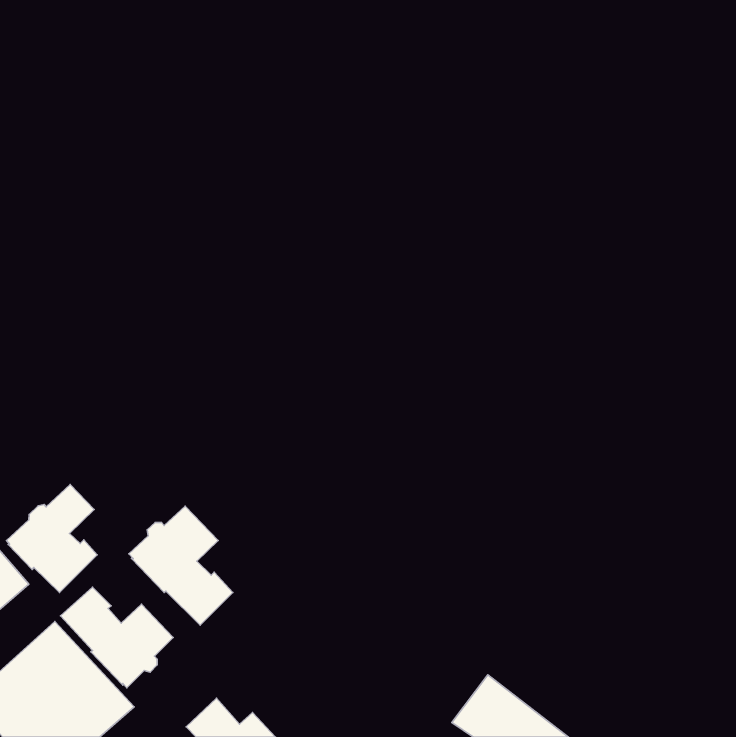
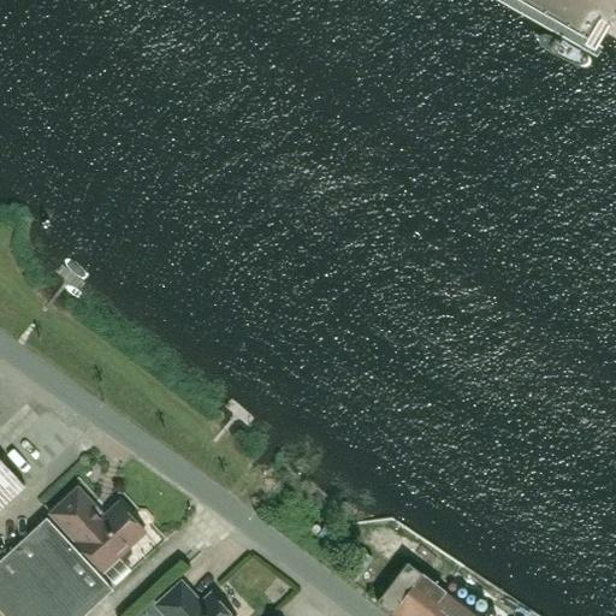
building: [7,484,97,592] -> none
building: [129,506,233,625] -> none

